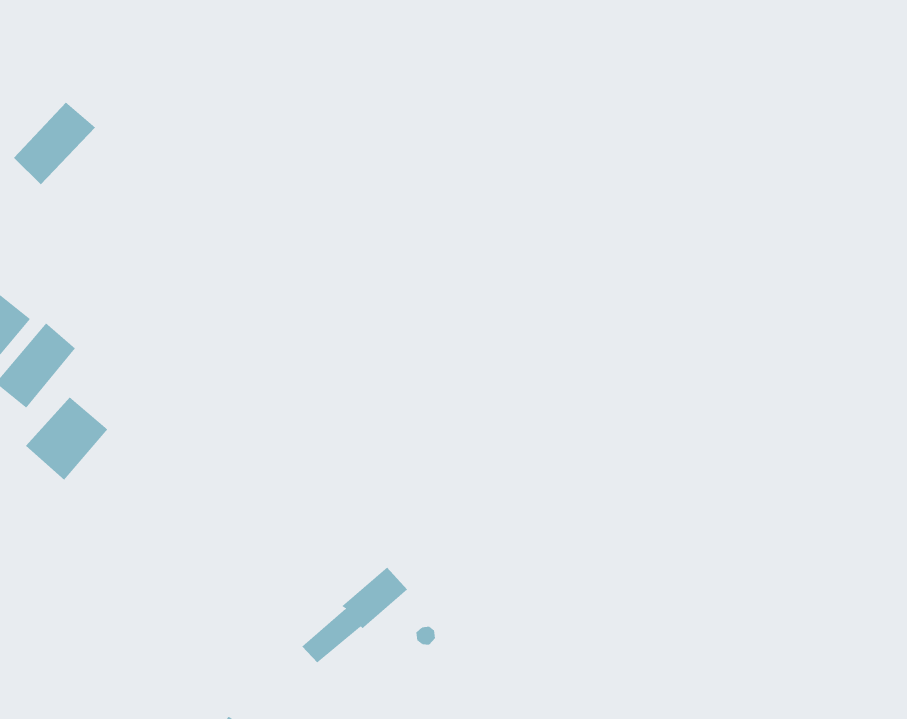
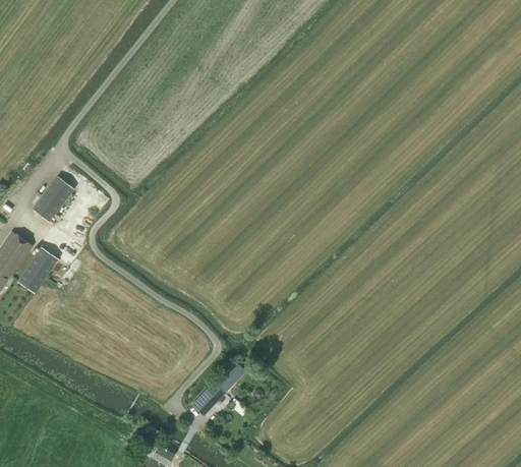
building: [13,102,96,185] -> [32,176,74,222]
building: [25,397,108,481] -> none

